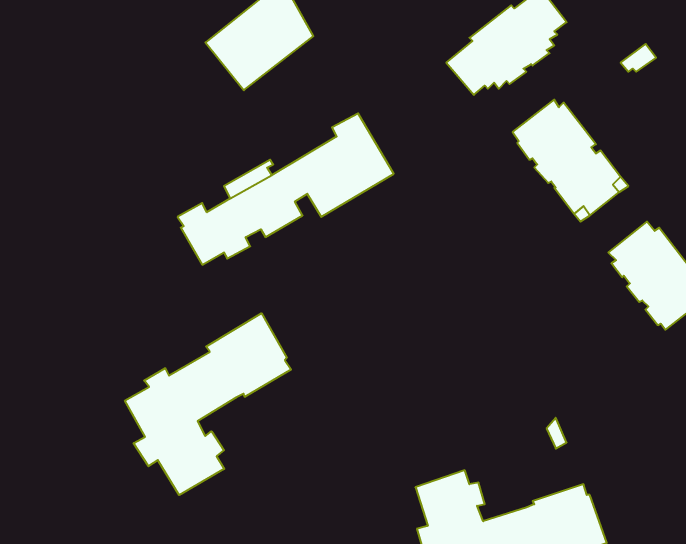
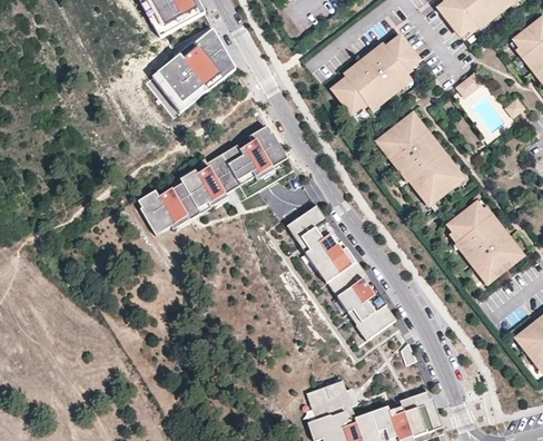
building: none -> [287,207,396,342]
building: [125,313,291,495] -> none

